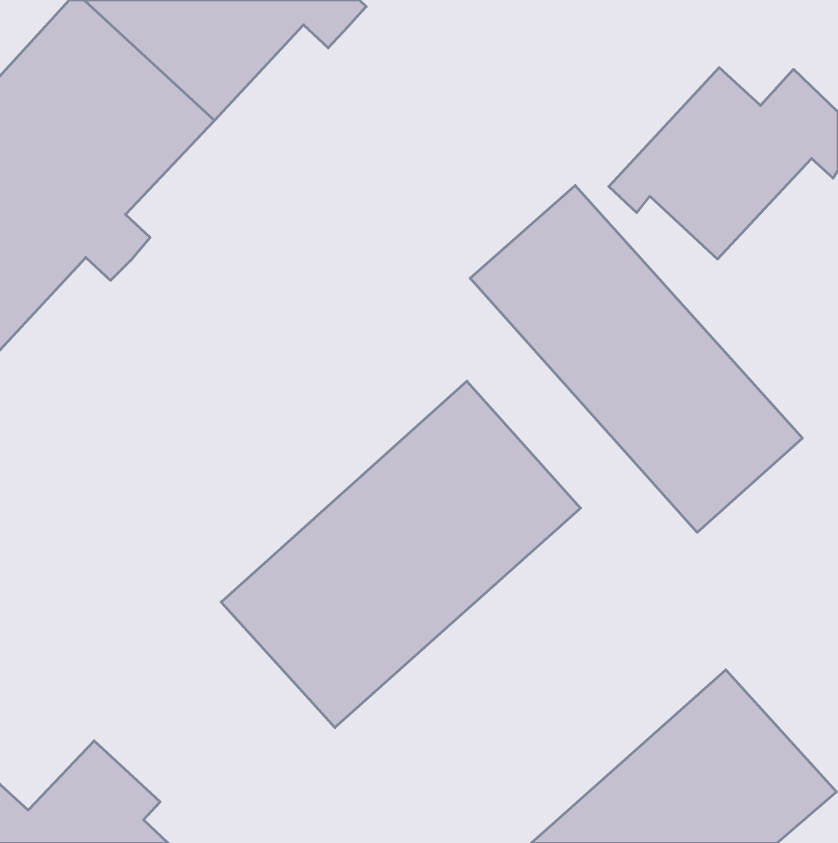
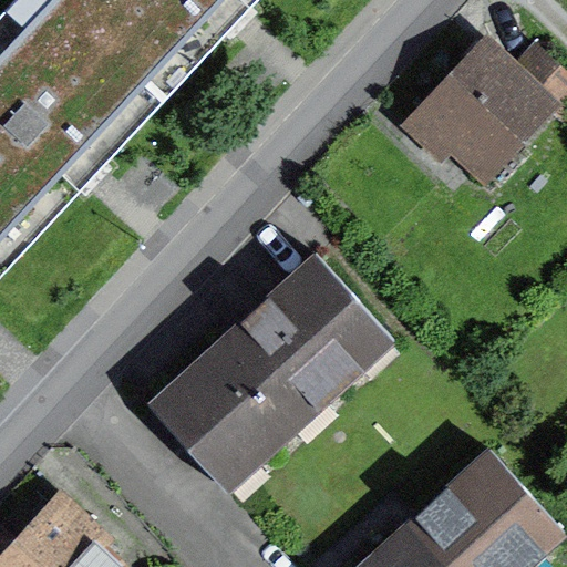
building: [470,185,802,532] -> none

